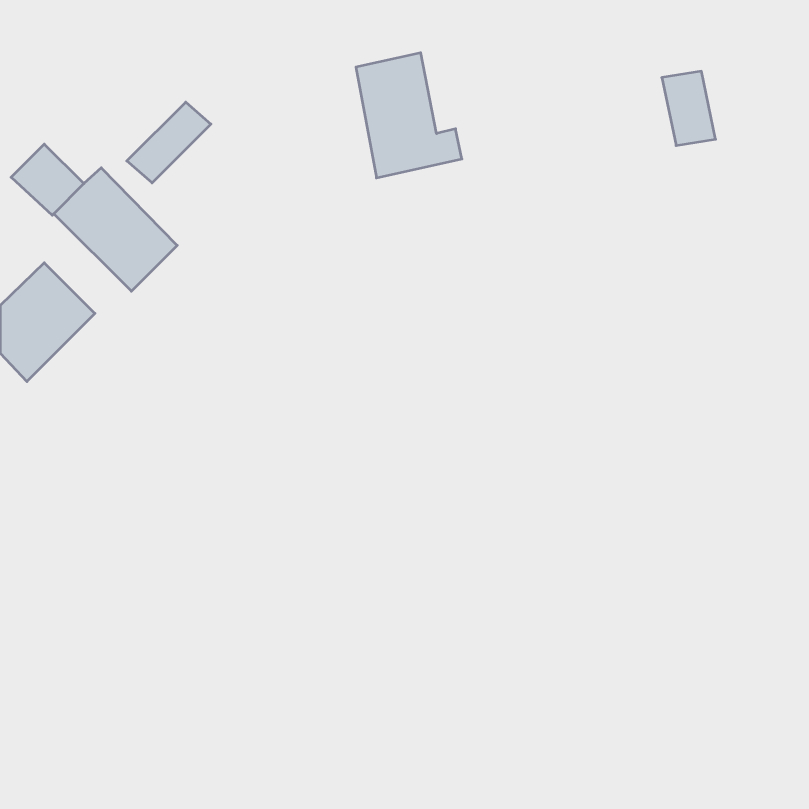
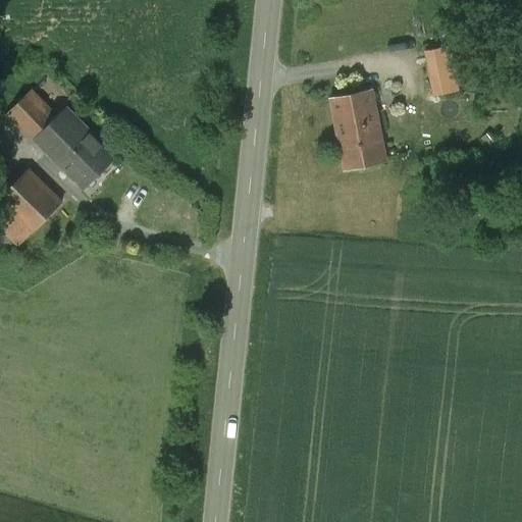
building: [356,53,462,178] -> [330,89,399,169]
building: [127,102,211,183] -> none

